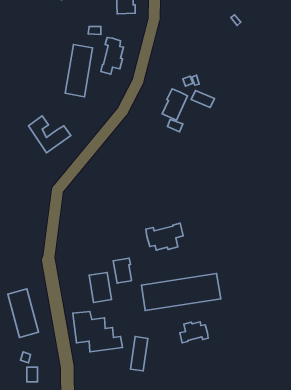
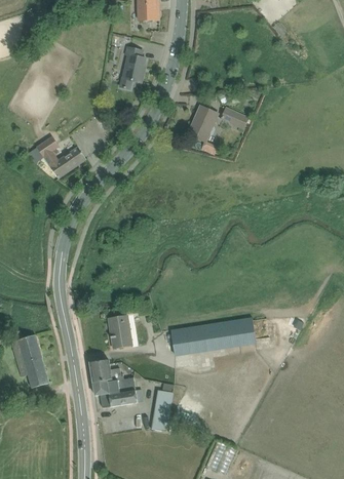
building: [65,44,93,97] -> none
building: [146,223,183,250] -> none
building: [113,258,131,283] -> none
building: [180,322,208,343] -> none

